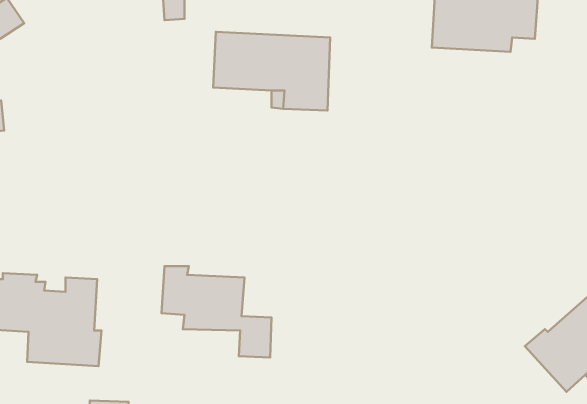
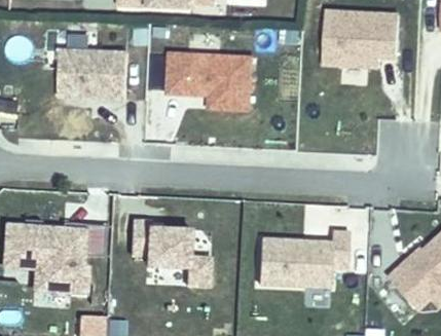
building: none -> [58,49,127,97]
building: none -> [61,222,104,267]
building: none -> [259,231,351,287]

